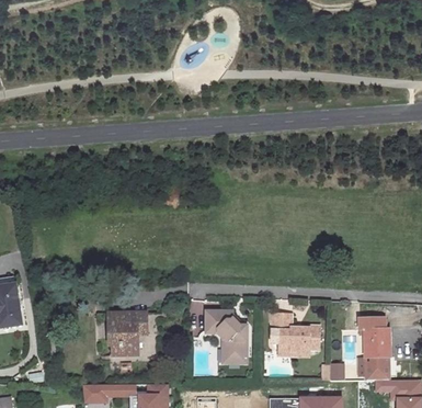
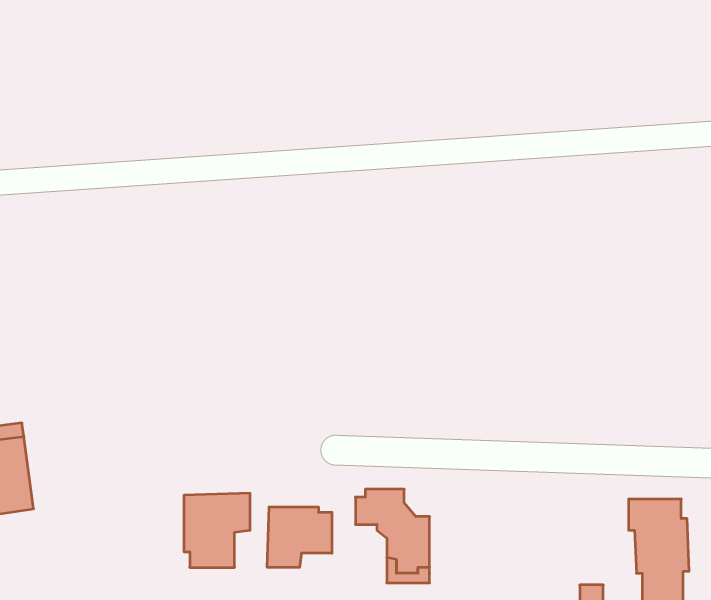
building: [270,314,318,355] -> none
building: none -> [267,507,332,567]

